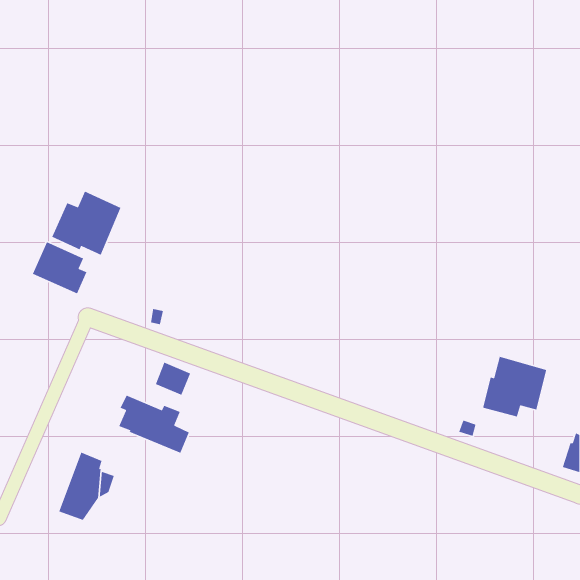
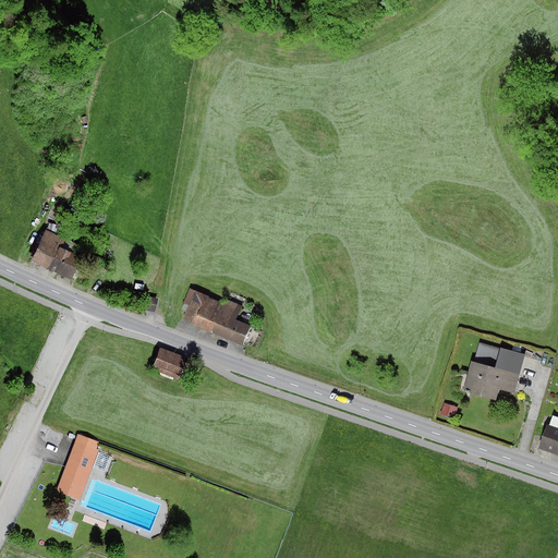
building: [51,190,122,256] -> none
building: [118,395,190,454] -> [182,289,251,345]

